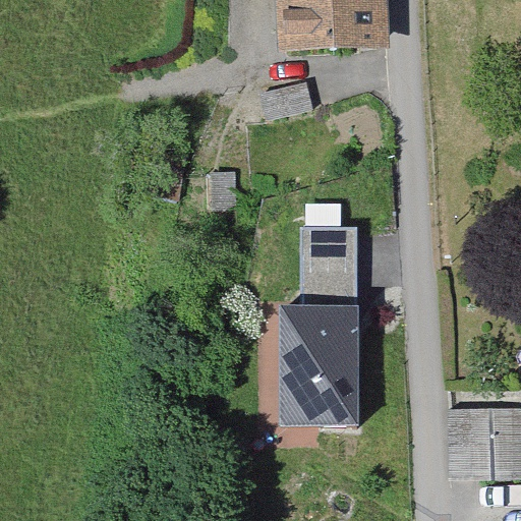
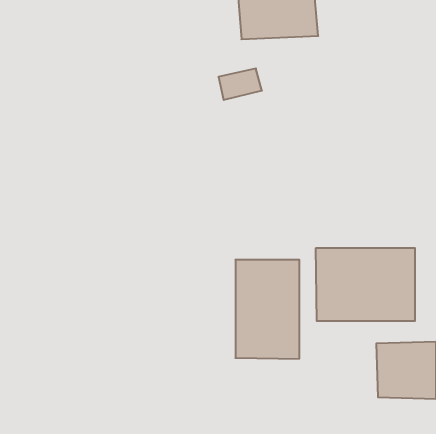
building: [300,227,357,291] -> none
building: none -> [316,248,415,321]

